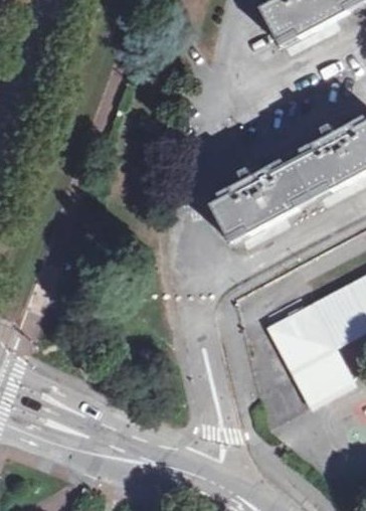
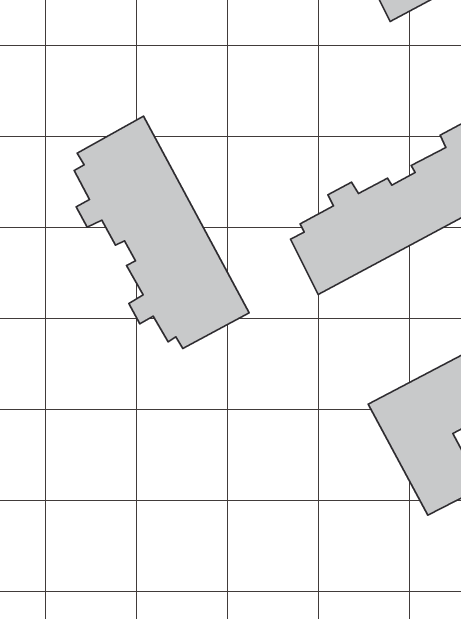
building: none -> [74,116,249,348]

